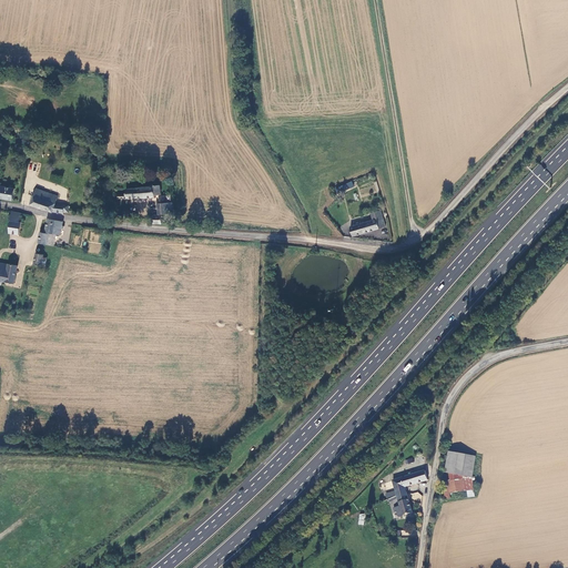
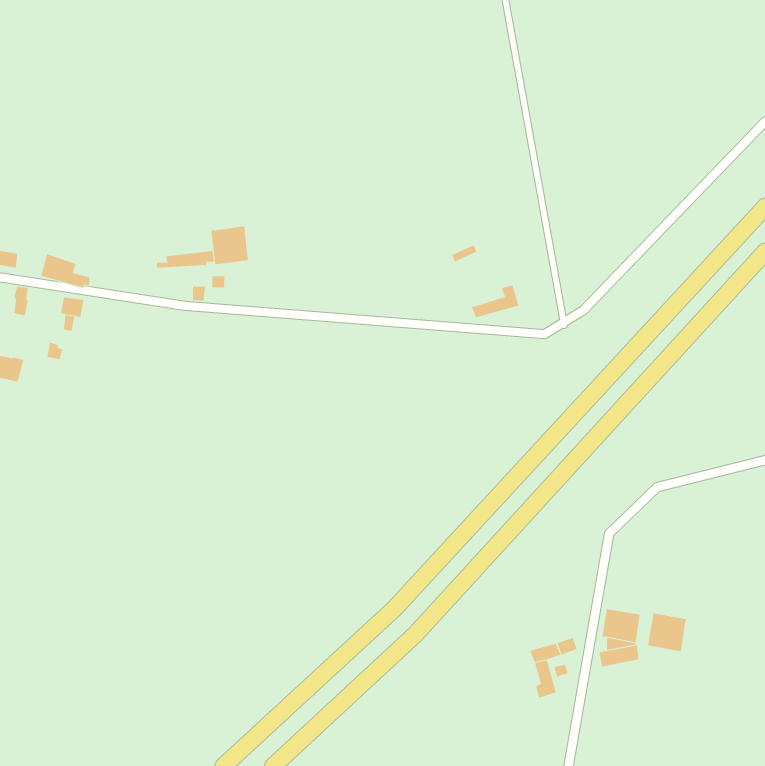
building: none -> [211,225,249,265]
building: none -> [647,612,687,652]

